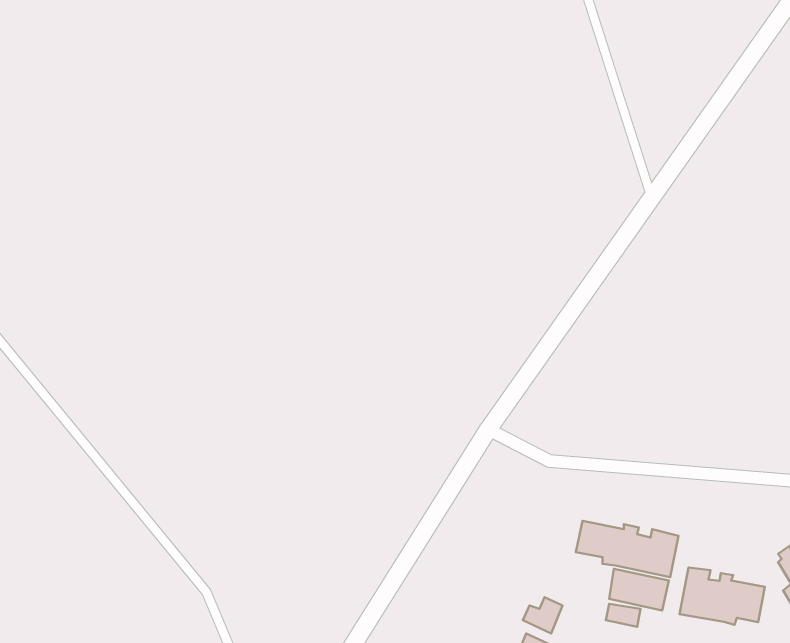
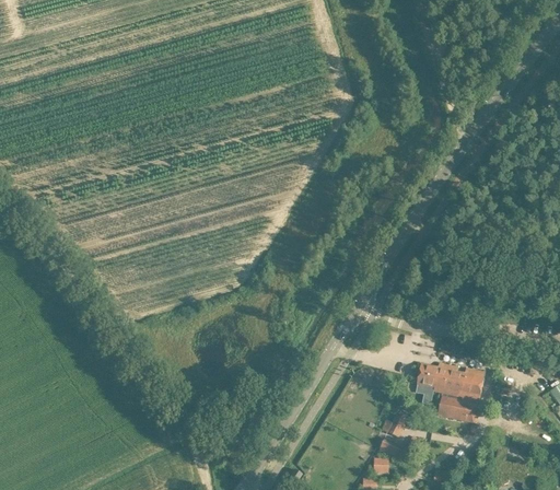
building: [679,567,765,625] -> none

